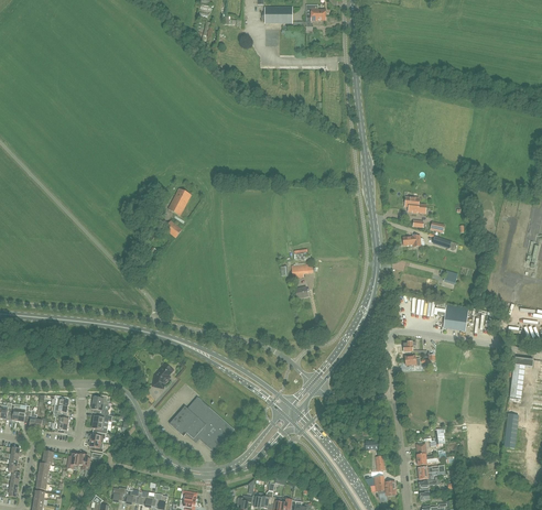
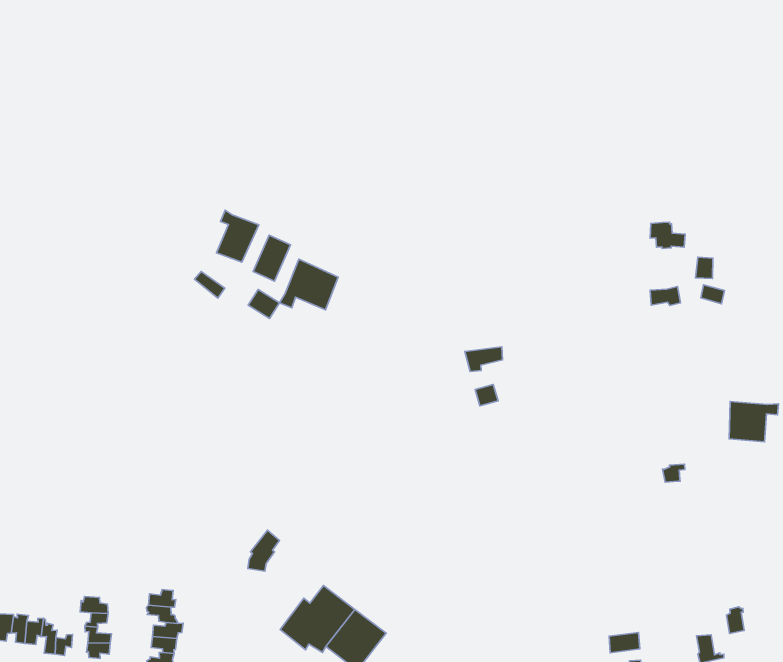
building: none -> [216,210,259,262]
building: none -> [280,259,338,310]

